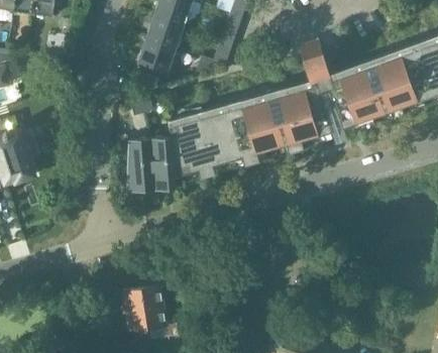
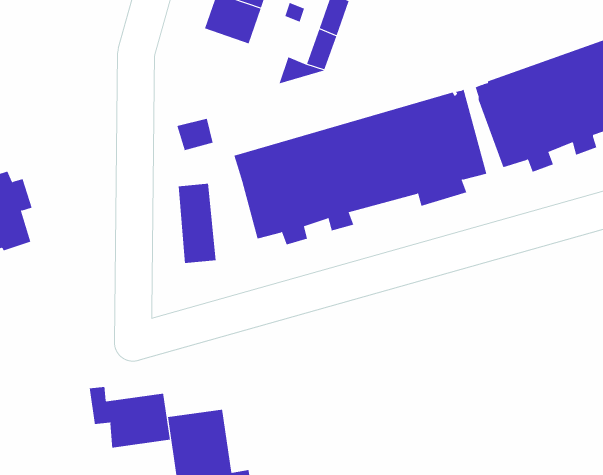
building: [139,39,177,75] -> none
building: [302,46,332,83] -> none
building: [150,139,182,191] -> none
building: none -> [89,386,170,449]

